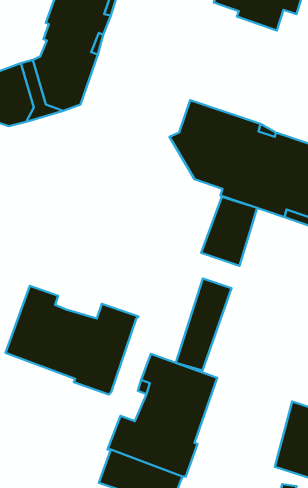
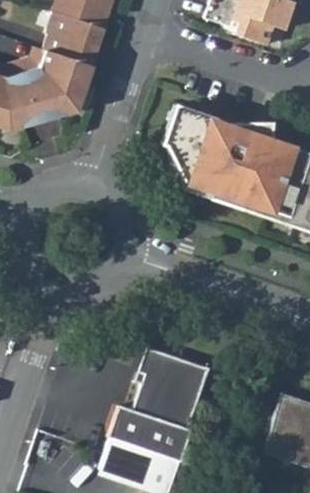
building: [201,197,257,266] -> none
building: [176,278,232,370] -> none
building: [6,286,138,395] -> none

